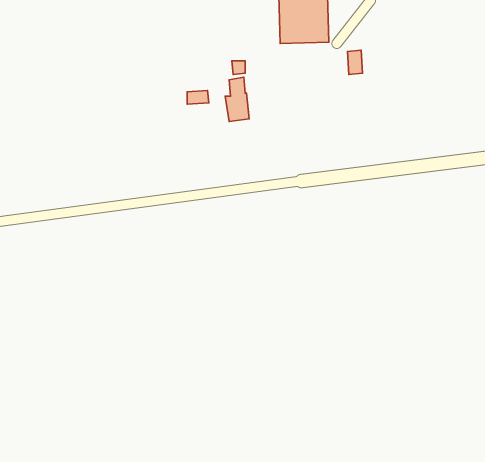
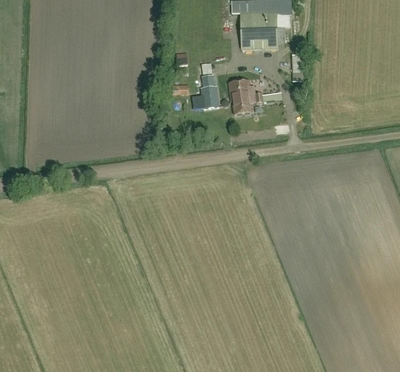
building: none -> [228,79,273,113]

